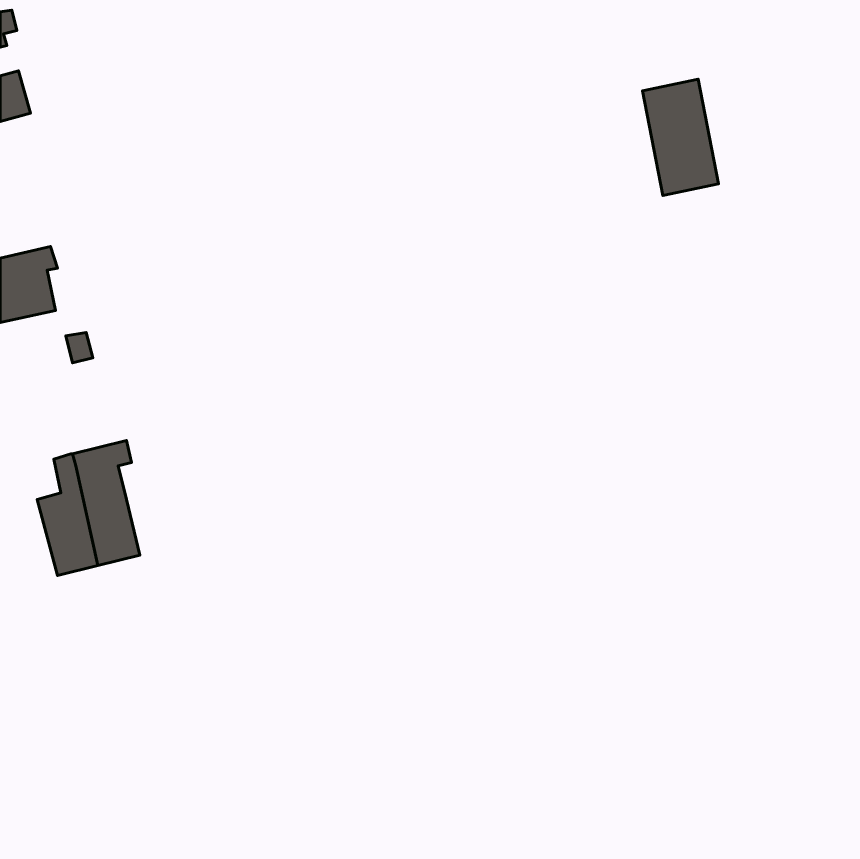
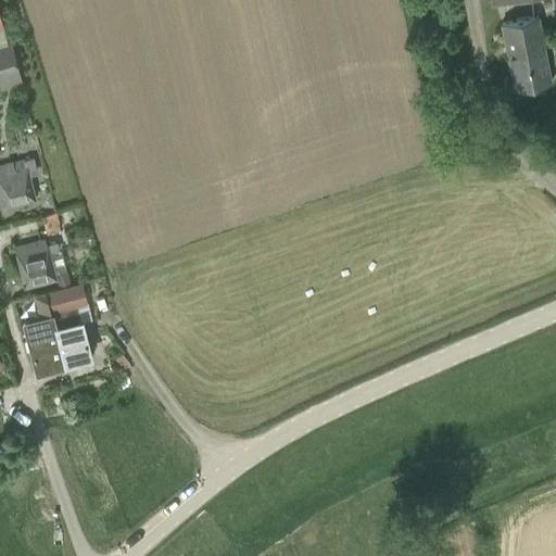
building: [643,79,718,196] -> [502,17,551,92]
building: none -> [16,242,59,287]

